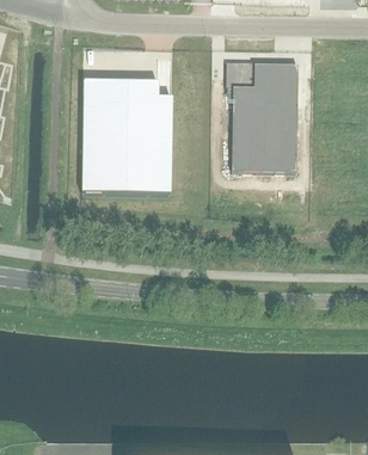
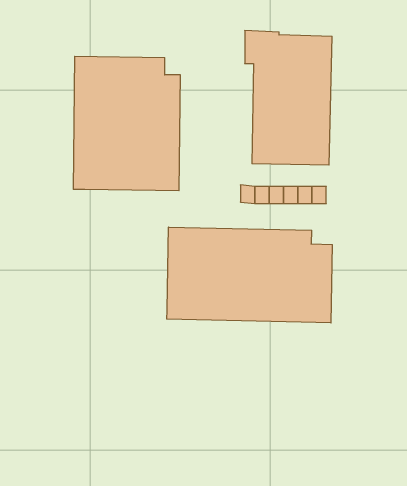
building: none -> [167,227,332,323]

